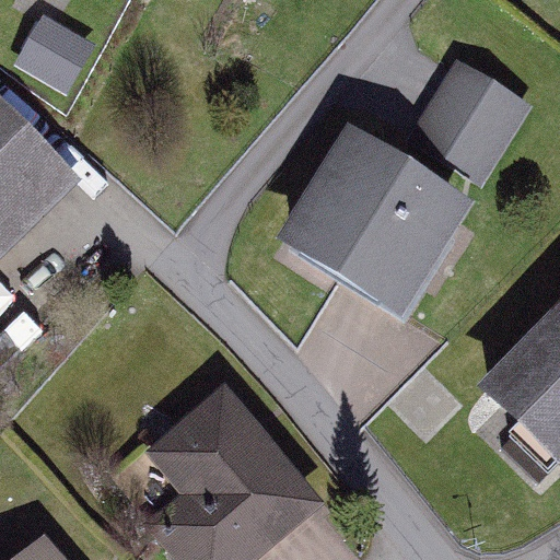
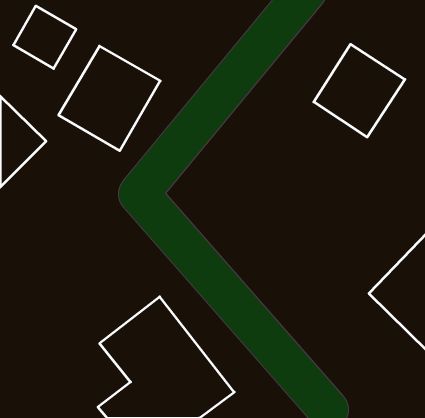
building: none -> [59,46,160,151]
building: [278,129,475,319] -> none

